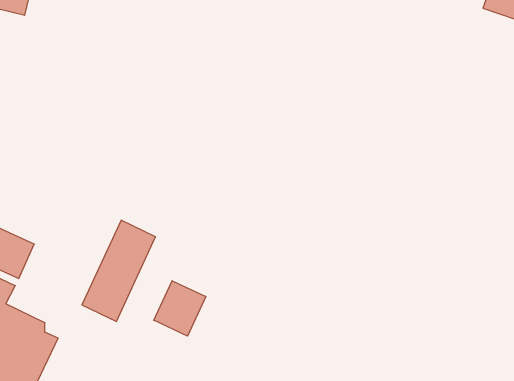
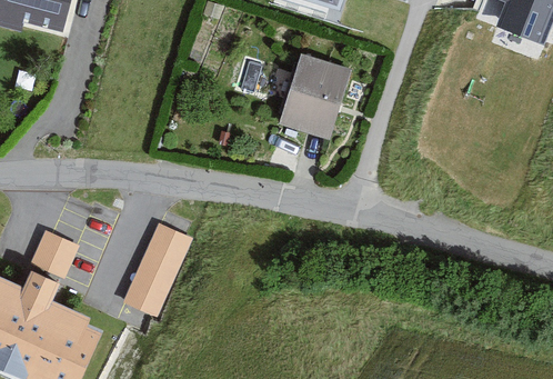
building: none -> [269,53,342,140]
building: [154,281,206,336] -> none

